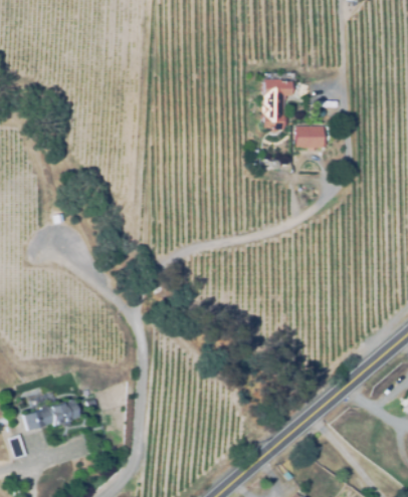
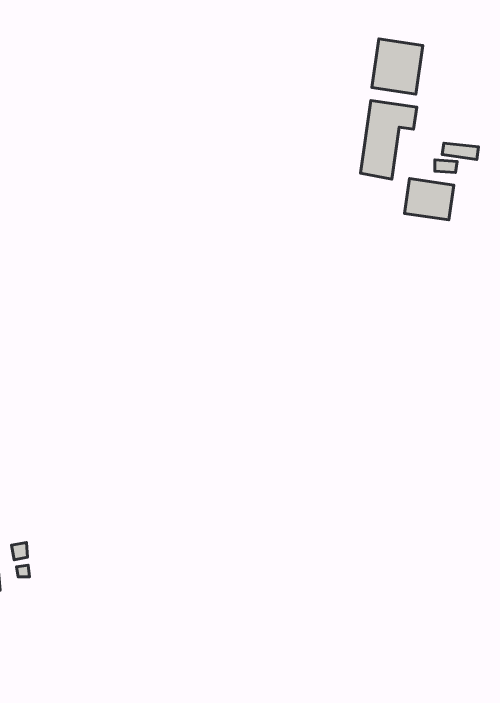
building: none -> [372,39,423,94]

